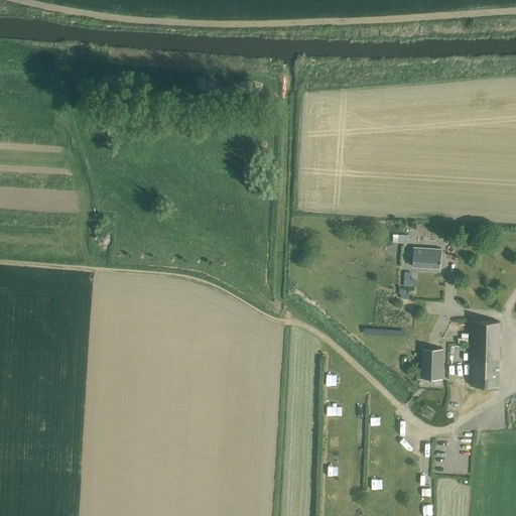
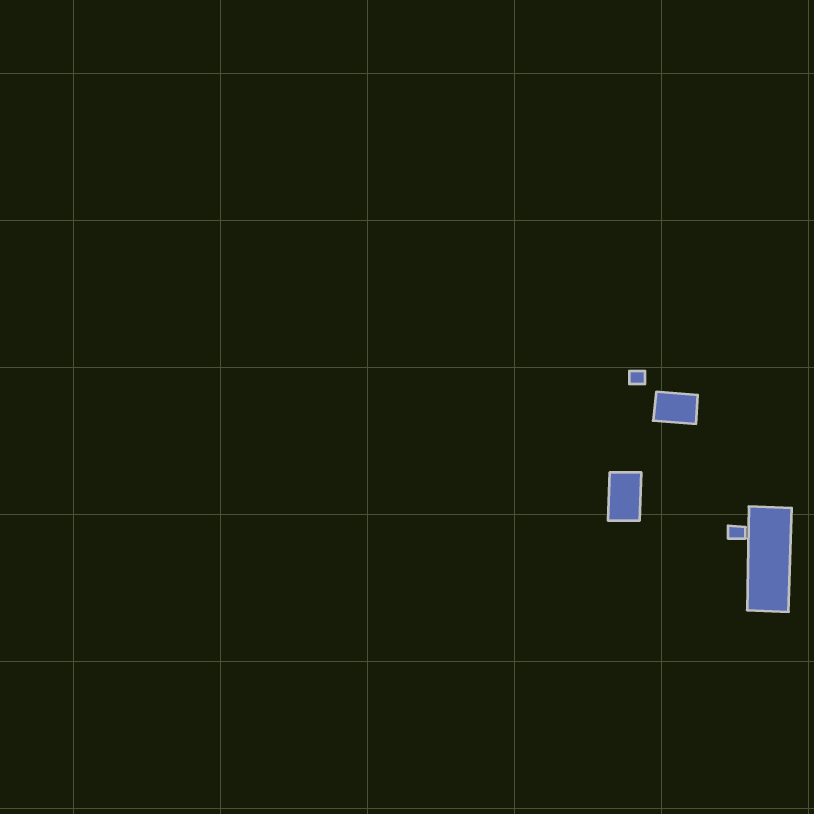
building: [420,349,441,379] -> [608,473,641,520]

